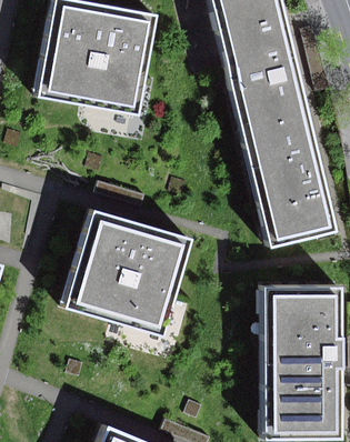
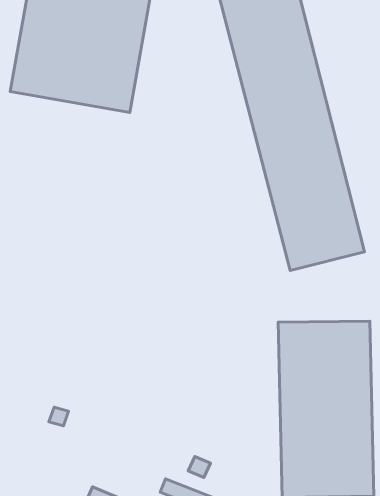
building: [63,210,189,335] -> none

